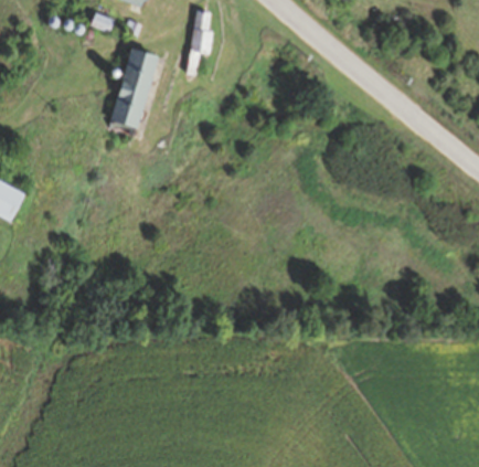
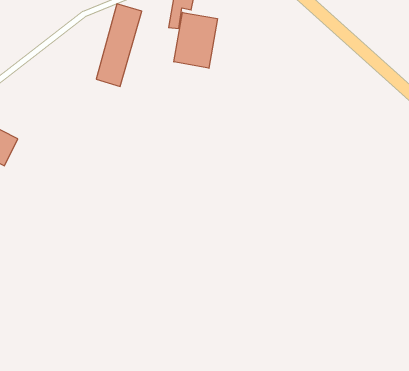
building: none -> [174,12,217,68]

